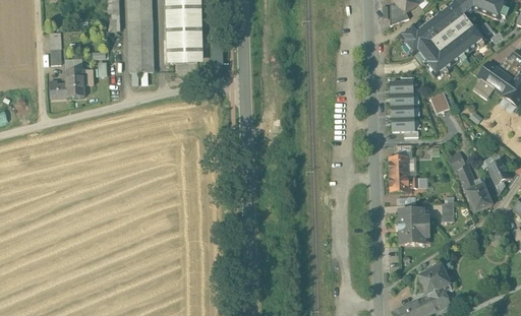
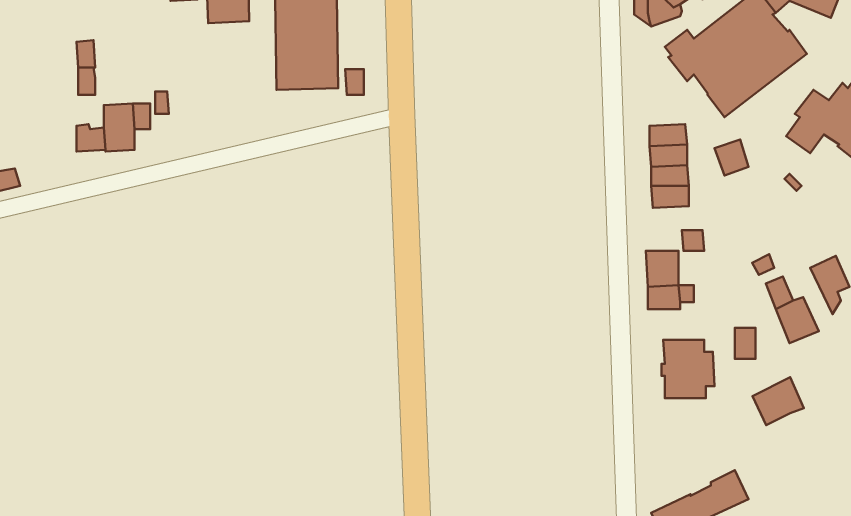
building: [127,19,155,72] -> none
building: [418,264,449,293] -> [752,377,804,425]

